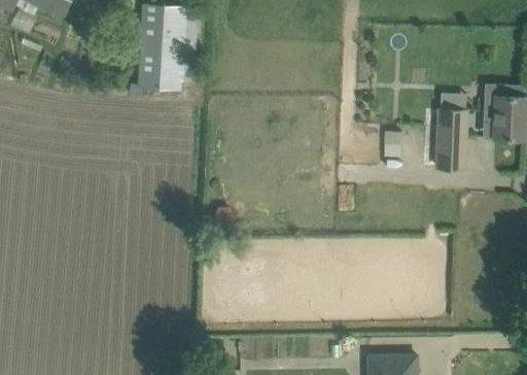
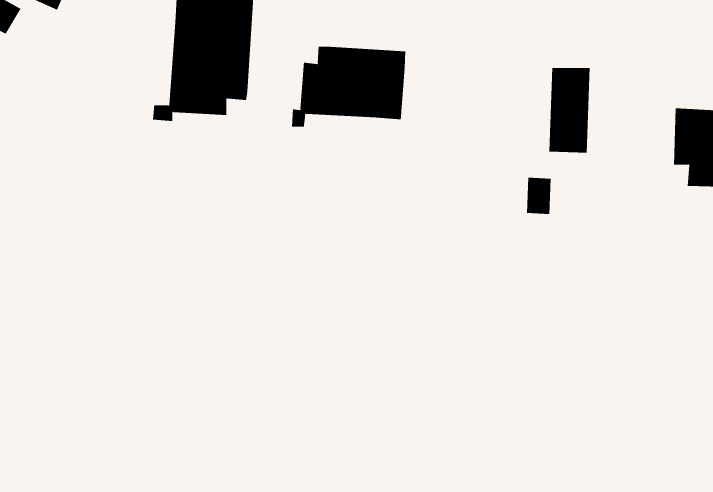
building: none -> [291,46,406,128]
building: [436,109,465,168] -> [548,68,590,153]

